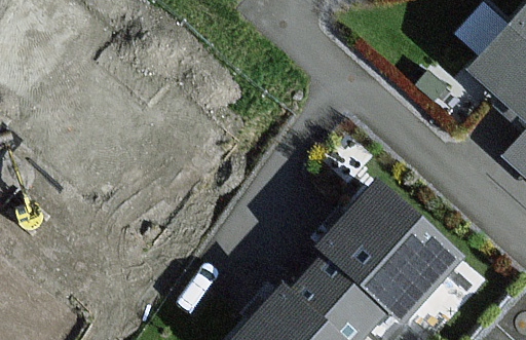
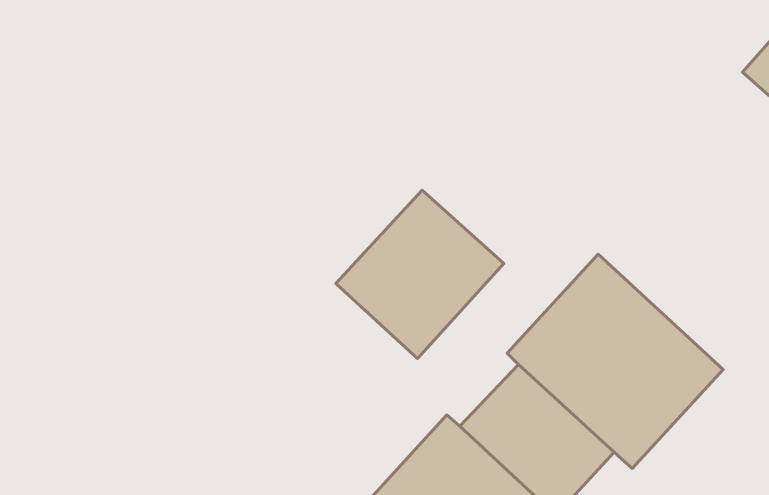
building: none -> [336,190,504,359]

